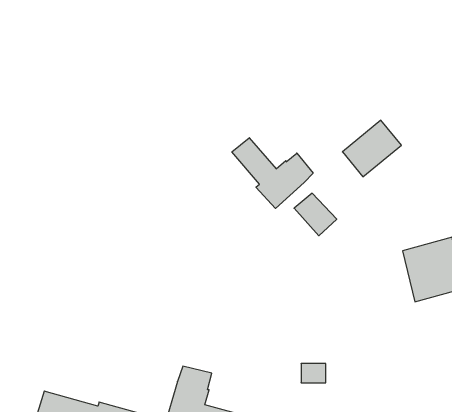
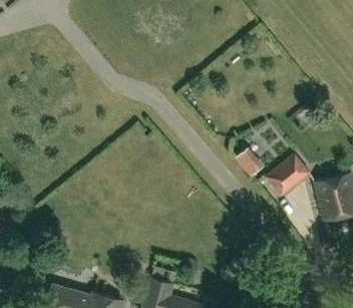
building: [342,120,401,177] -> [265,156,308,197]
building: [232,138,313,208] -> none

